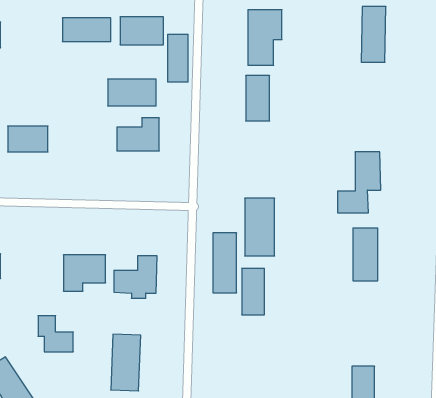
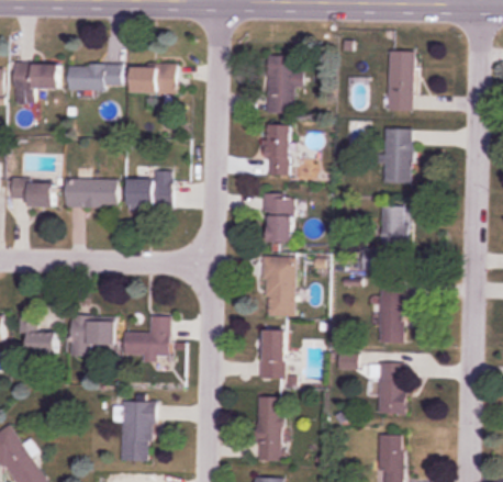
building: none -> [13,61,58,89]
building: [168,34,188,82] -> none
building: none -> [382,128,412,183]
building: [108,79,156,106] -> [66,179,118,208]
building: none -> [265,193,293,242]
building: [213,233,237,293] -> [256,397,281,461]
building: none -> [378,363,404,415]
building: [38,316,73,352] -> [19,315,56,354]

